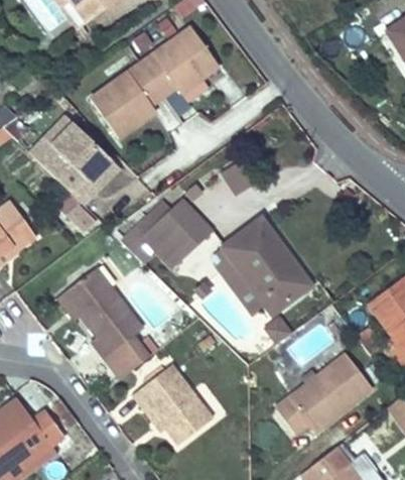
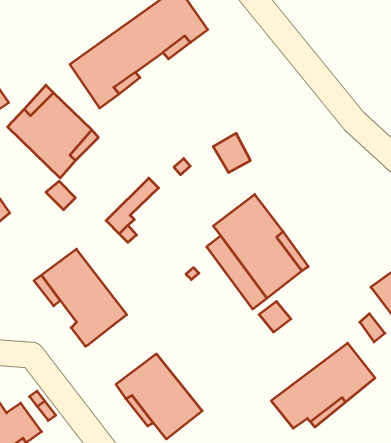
building: [146,203,209,266] -> none
building: [107,338,160,379] -> none

